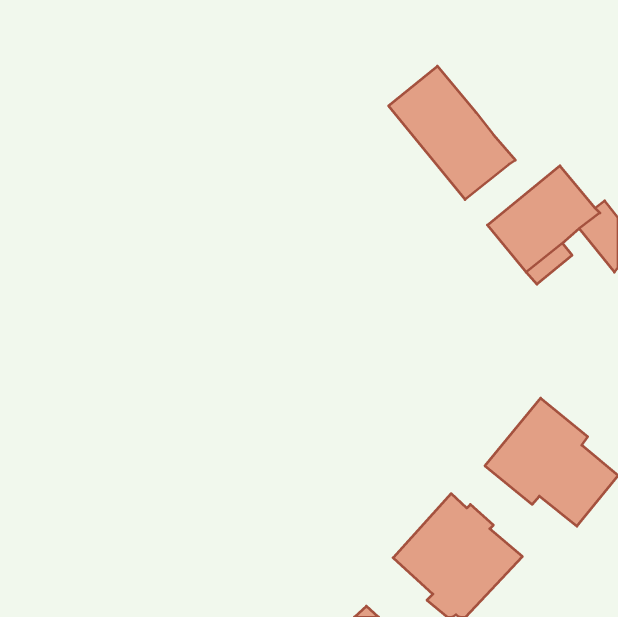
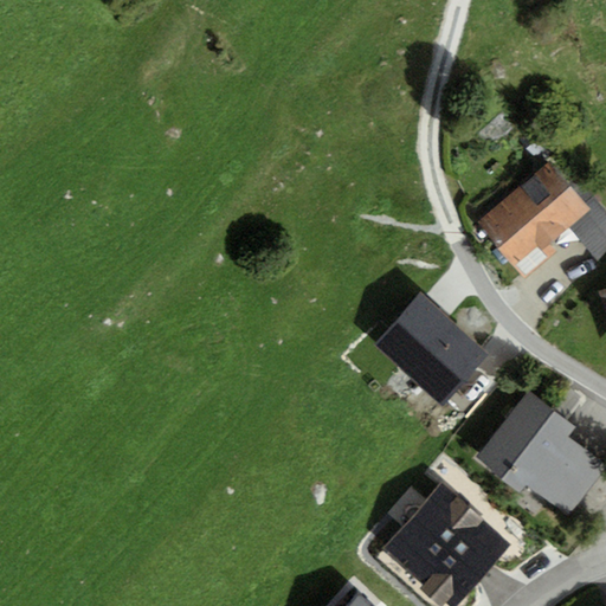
building: [389,66,515,200] -> none
building: none -> [373,291,489,405]

